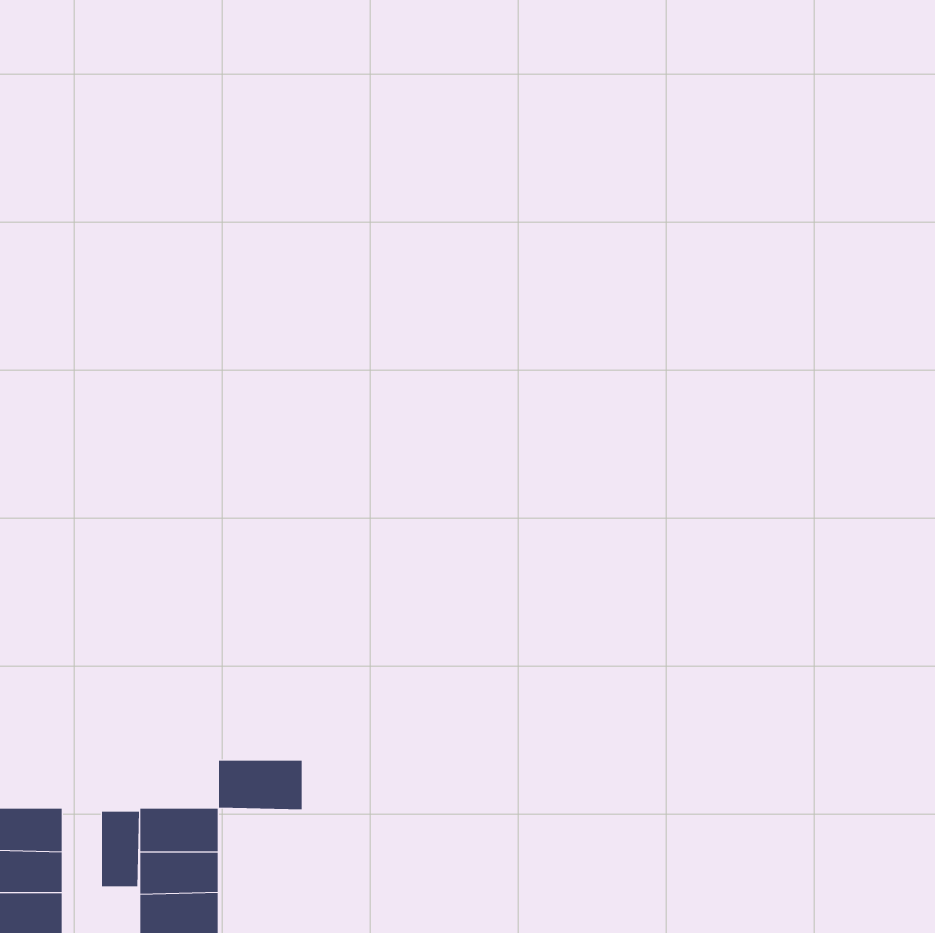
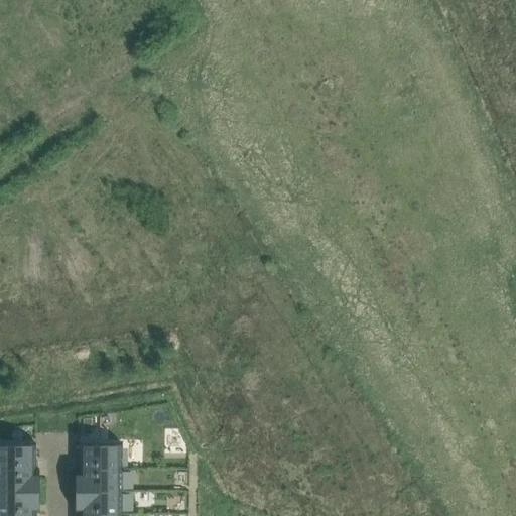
building: [219,760,302,810] -> none
building: [102,811,140,887] -> none

